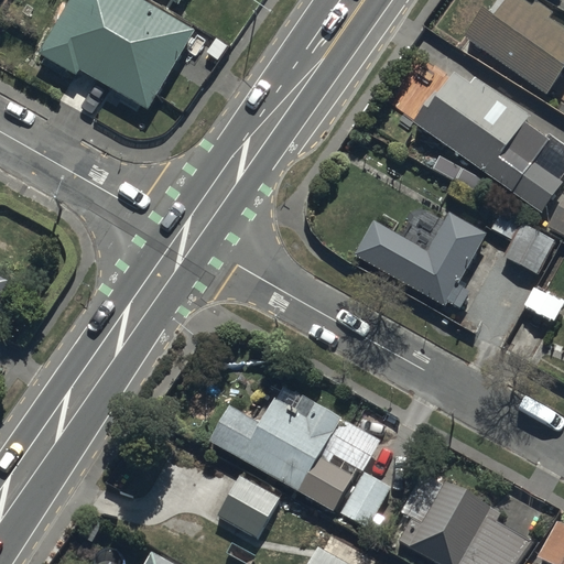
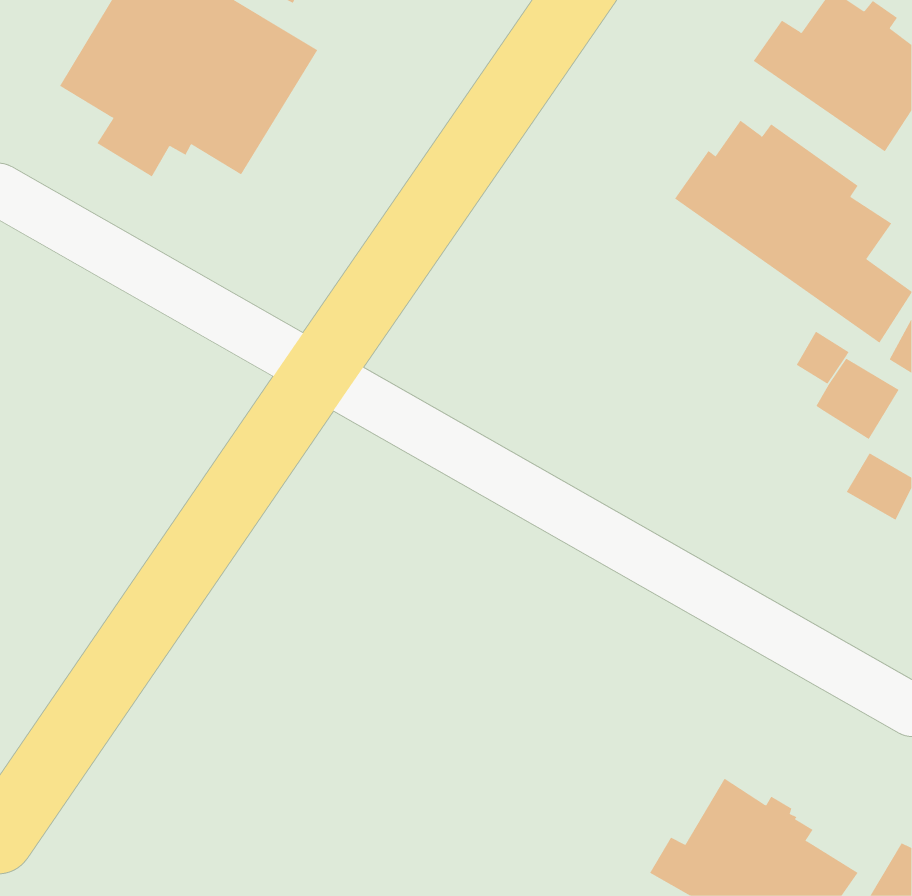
building: [352,212,486,306] -> none
building: [208,386,390,531] -> none
building: [215,471,280,535] -> none

